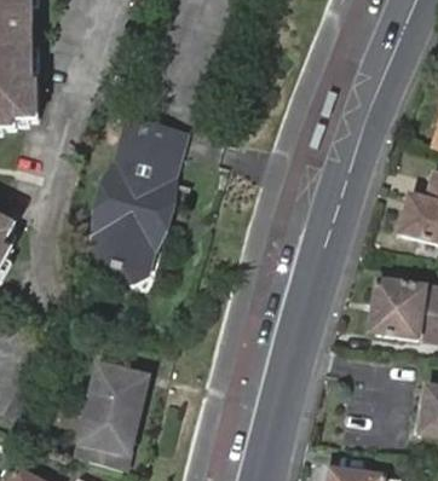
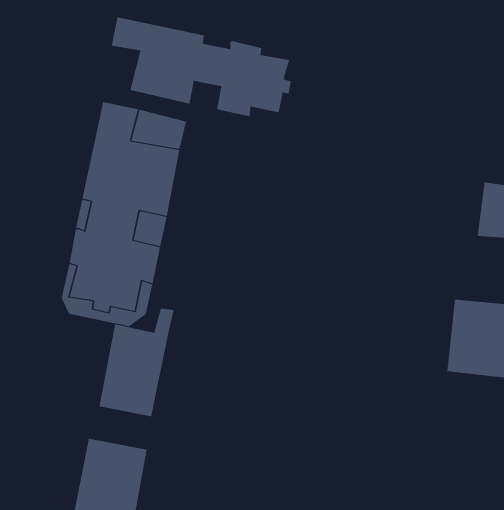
building: none -> [111,17,291,117]
building: none -> [99,308,174,417]

